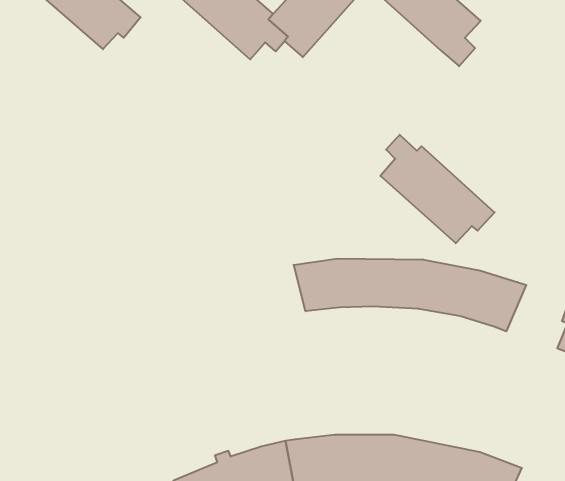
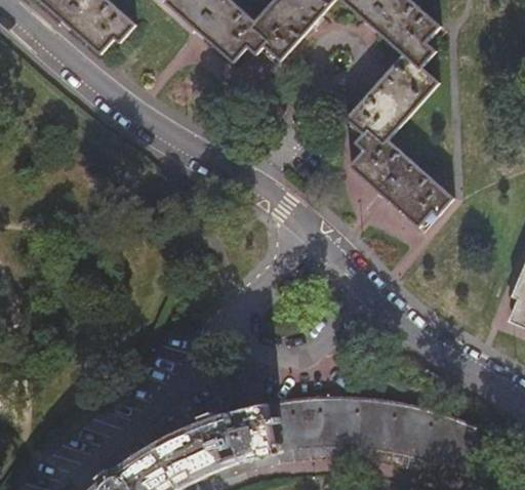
building: none -> [346,52,438,142]
building: [294,259,526,331] -> none

